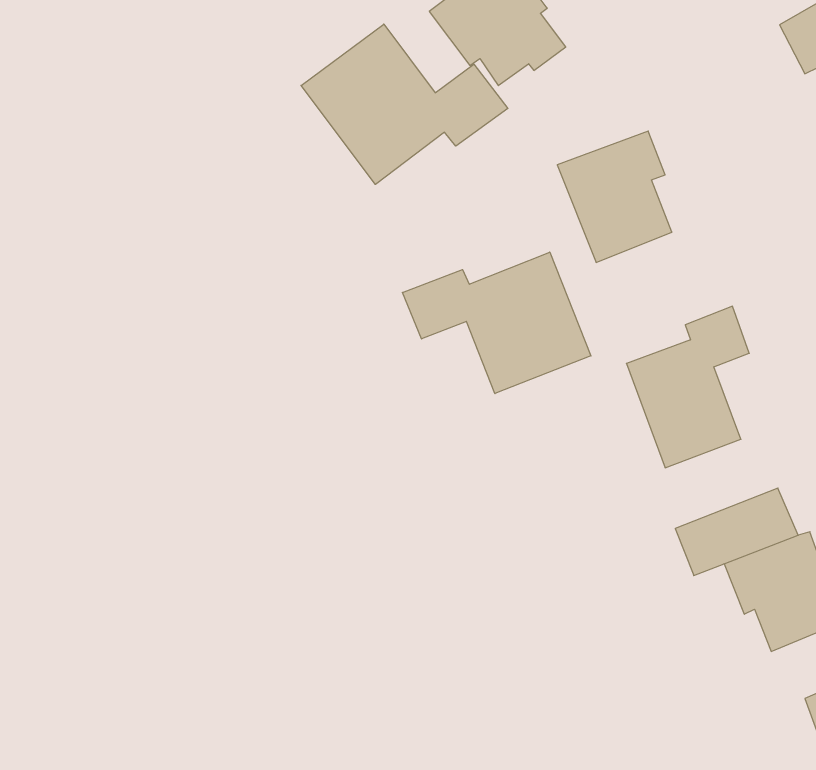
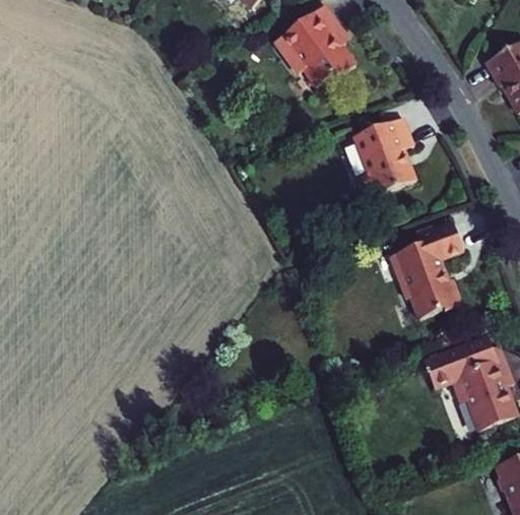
building: [301,24,508,184] -> none
building: [402,252,591,394] -> none

